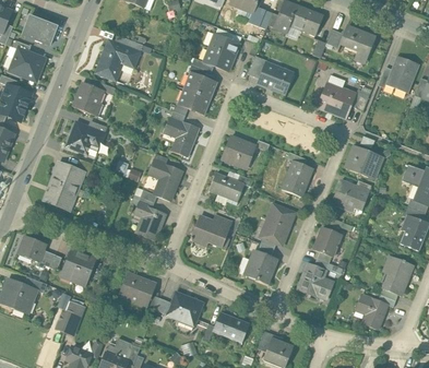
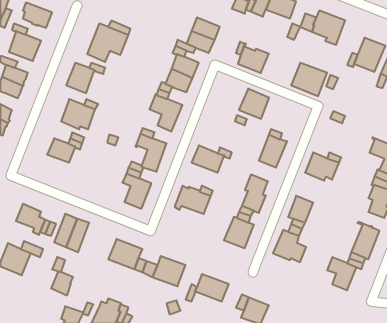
building: [221,135,253,168] -> [239,89,269,119]
building: [345,145,382,176] -> none
building: [45,181,75,207] -> none

